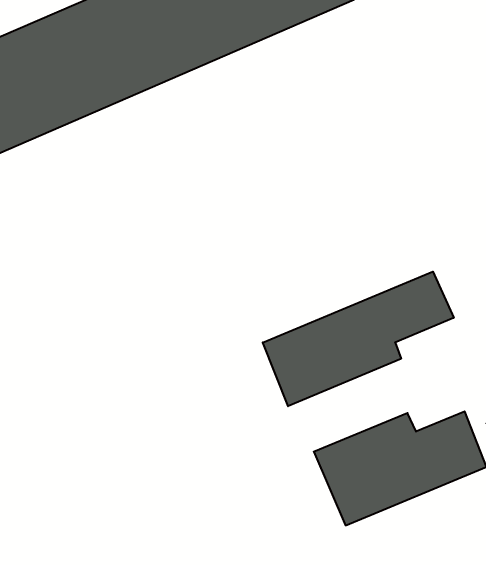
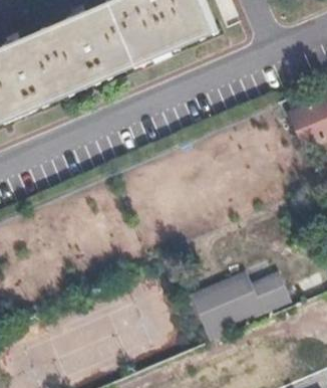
building: [263,272,454,406] -> none

